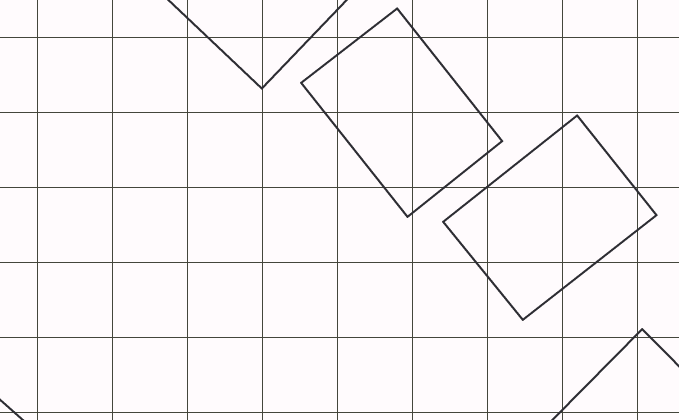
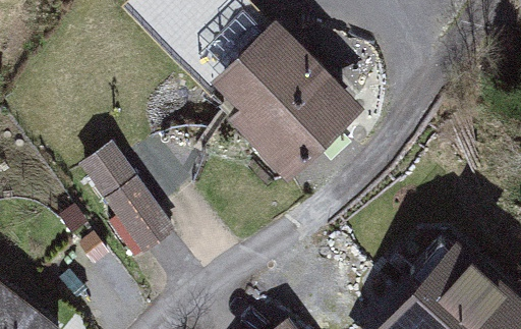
building: [443,115,657,320] -> none
building: none -> [73,135,170,250]

